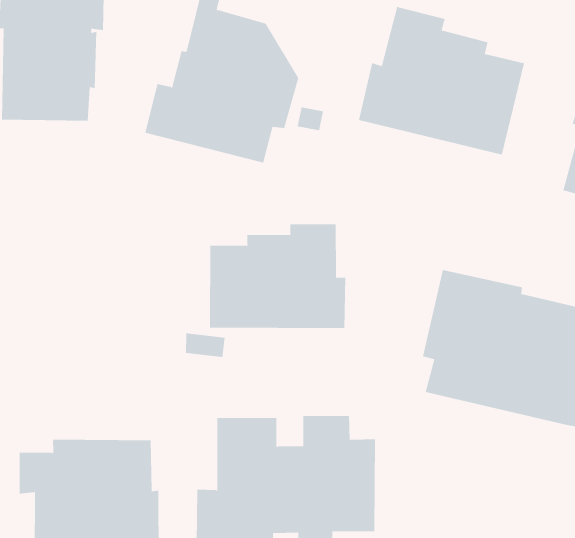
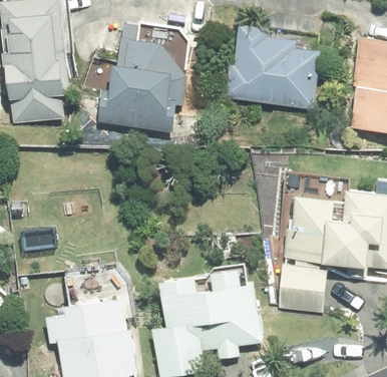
building: [209,224,346,329] -> none
building: none -> [278,262,326,309]

